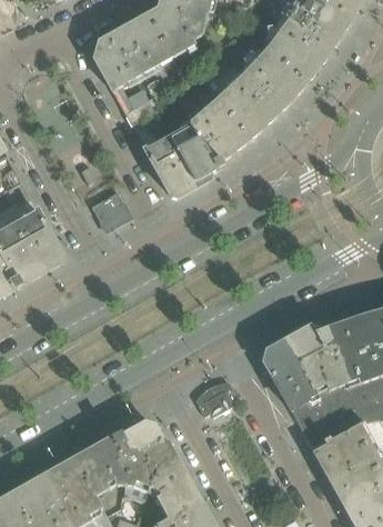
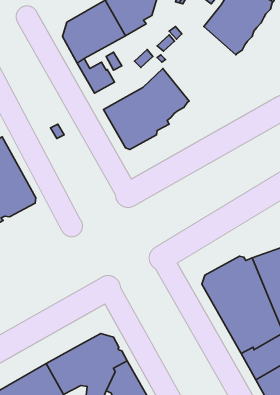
building: [215,44,304,136] -> none
building: [90,189,130,227] -> none
building: [196,384,236,414] -> none

